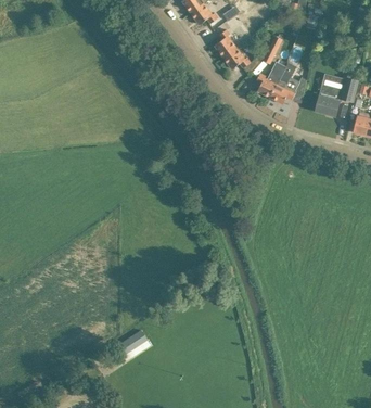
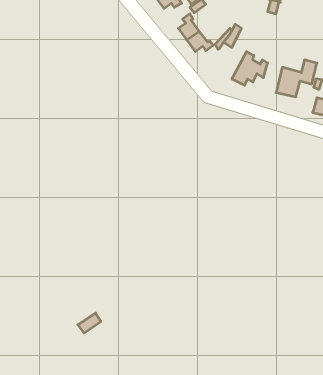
building: [256,61,286,97] -> none

